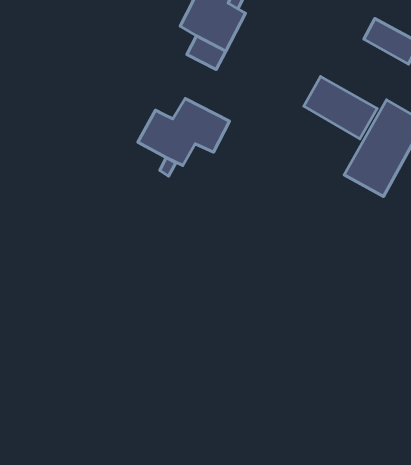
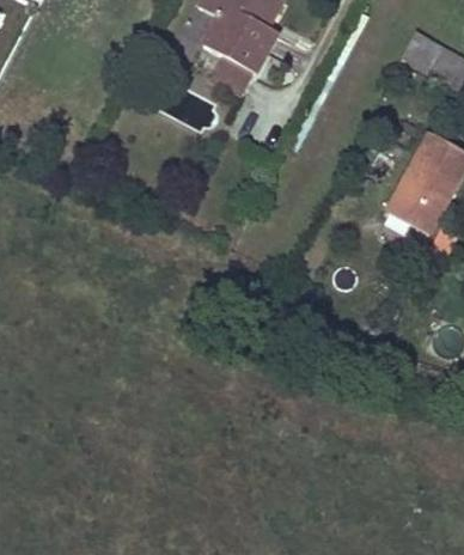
building: [304,76,377,139] -> none
building: [138,99,230,166] -> none

